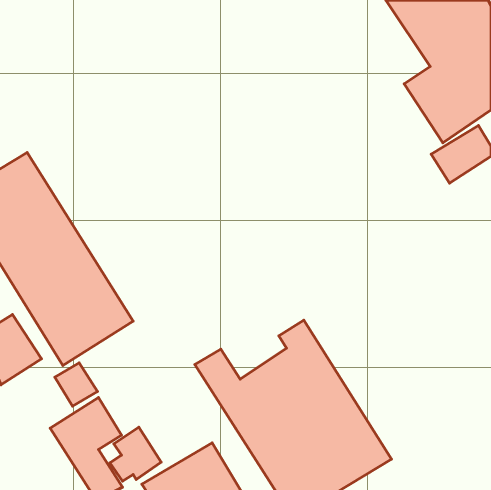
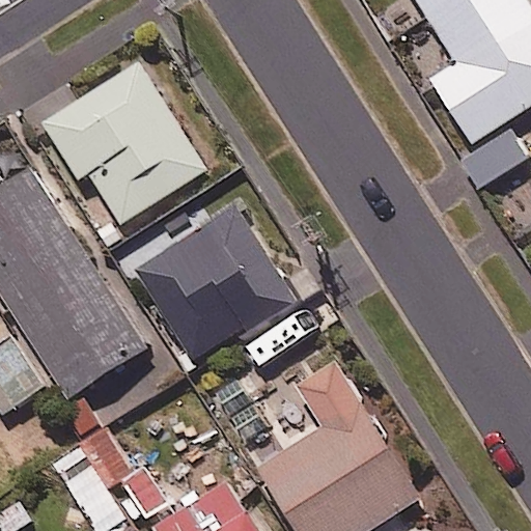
building: none -> [39,62,206,222]
building: none -> [137,205,297,361]

